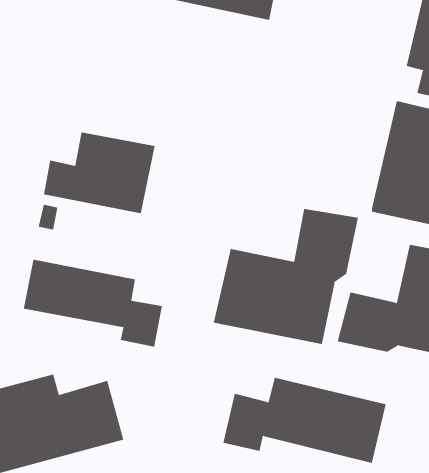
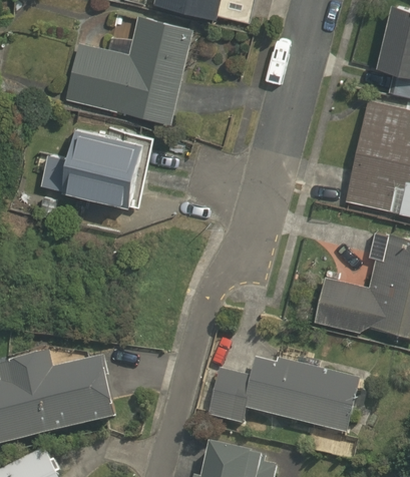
building: none -> [64,15,192,123]
building: [213,208,359,345] -> none
building: [23,259,163,348] -> none

